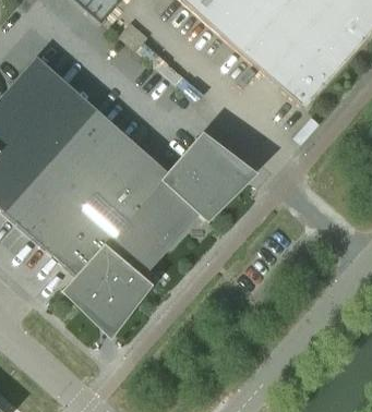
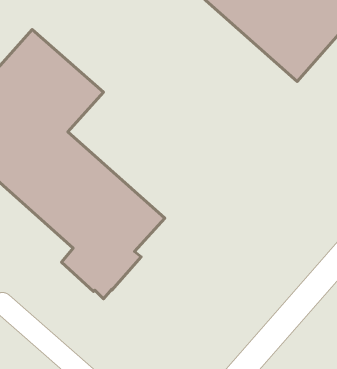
building: [73,119,245,246] -> none

